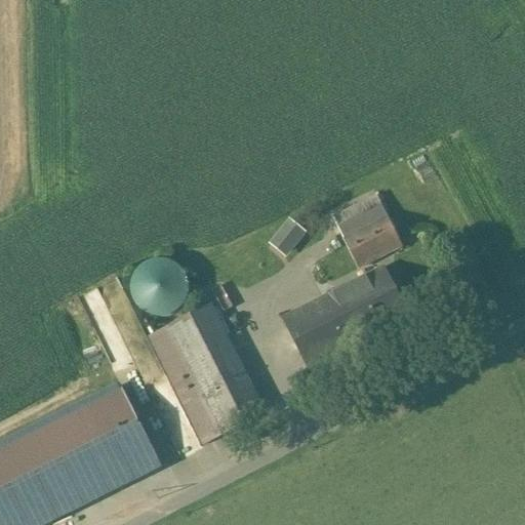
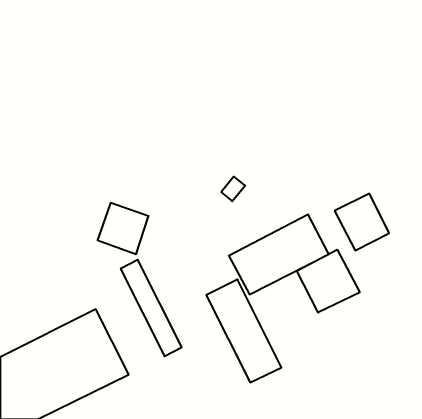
building: [333,195,401,266] -> [335,194,389,250]
building: [171,304,265,432] -> [206,279,281,382]
building: none -> [297,250,360,313]

